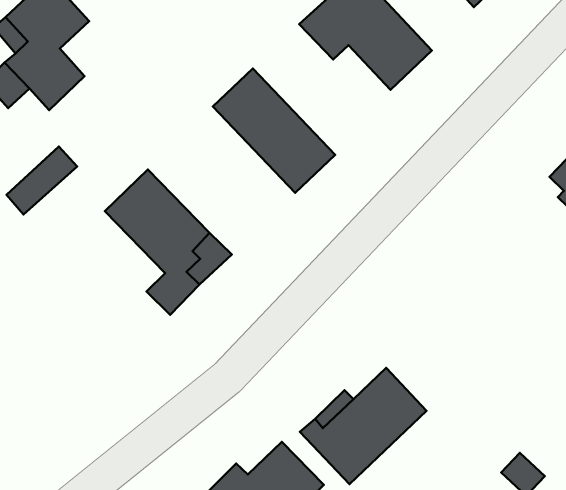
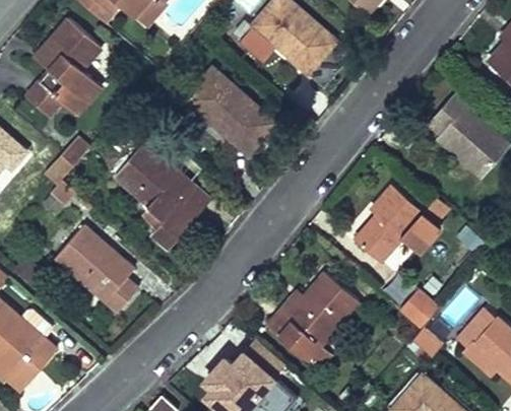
building: none -> [355,188,438,265]
building: none -> [58,226,140,314]
building: none -> [400,292,441,332]

